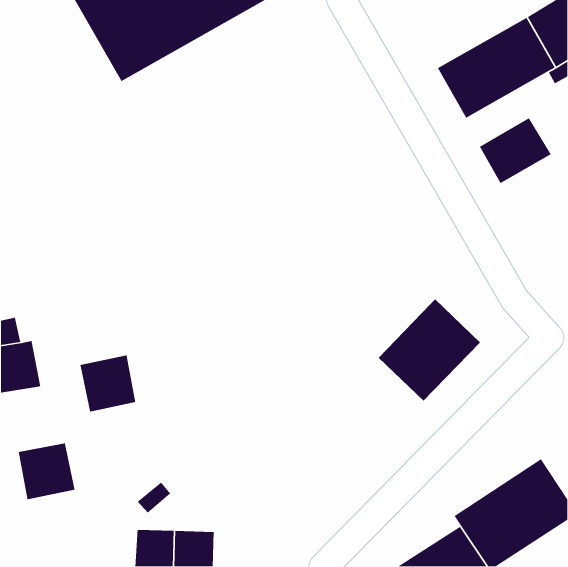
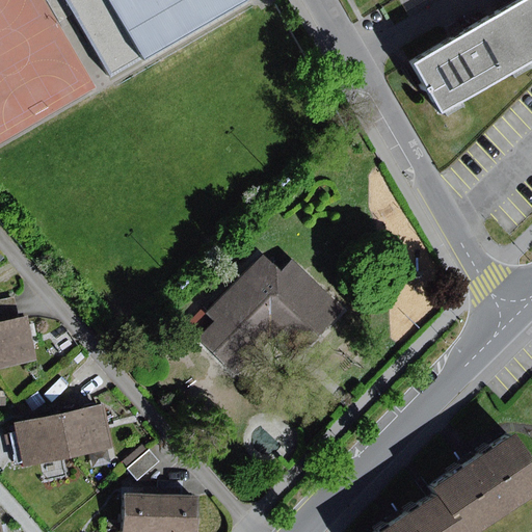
building: [479,117,552,184] -> none
building: none -> [200,254,344,376]
building: [378,299,481,402] -> none
building: [79,355,136,412] -> [61,404,114,458]

